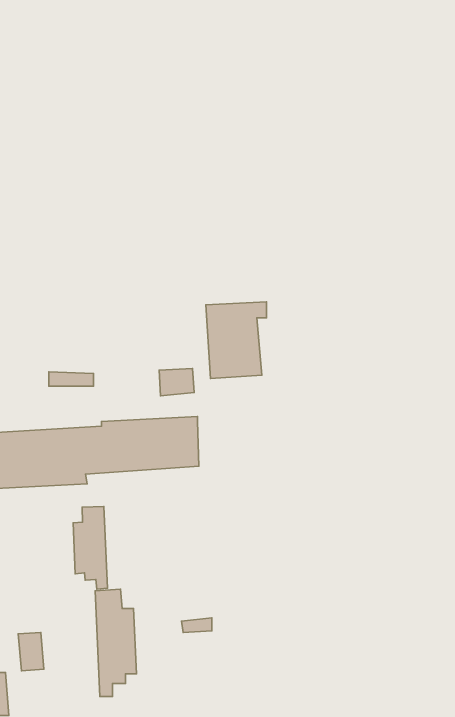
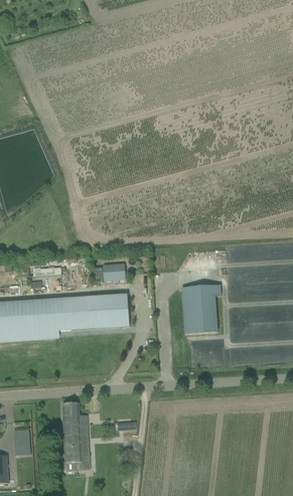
building: [206,302,267,378] -> [182,285,221,333]
building: [73,507,107,589] -> none

